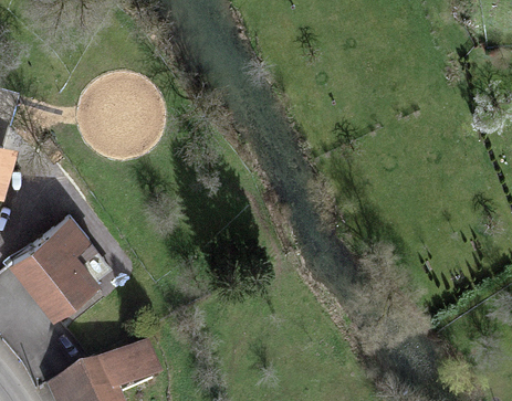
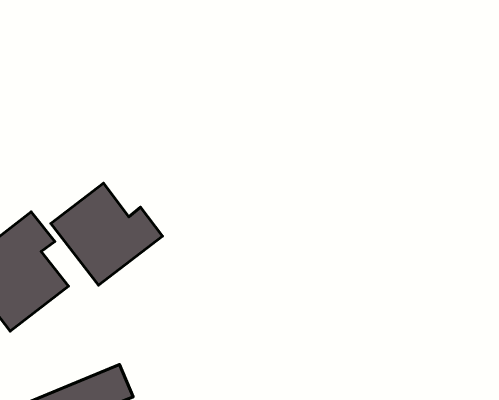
building: none -> [51,183,162,285]

